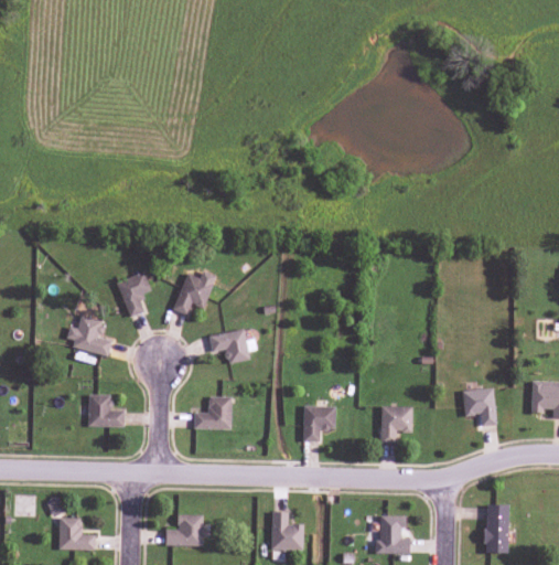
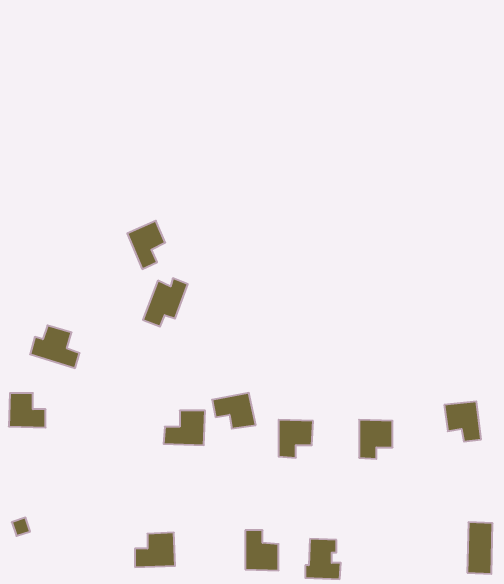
building: [116,270,152,317] -> [127,221,165,269]
building: [208,329,250,363] -> [212,393,256,429]
building: [88,394,123,427] -> [9,393,46,428]
building: [376,514,410,553] -> [305,539,341,579]
building: [58,516,95,550] -> none

